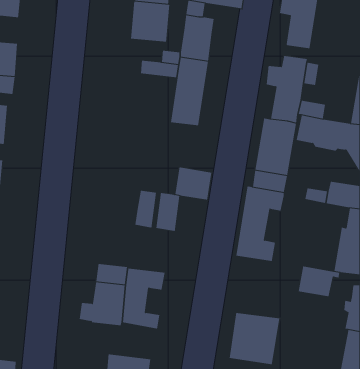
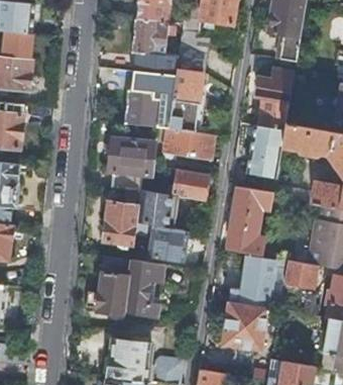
building: none -> [126,89,162,127]
building: none -> [165,128,216,158]
building: none -> [110,139,156,191]
building: none -> [105,203,139,246]
building: none -> [149,225,189,262]
building: none -> [229,256,283,309]

